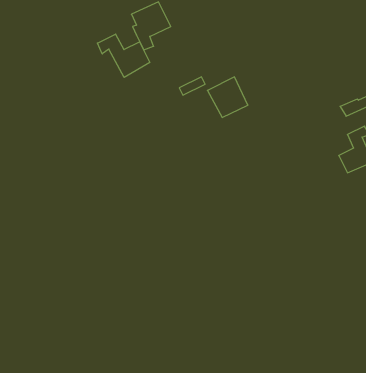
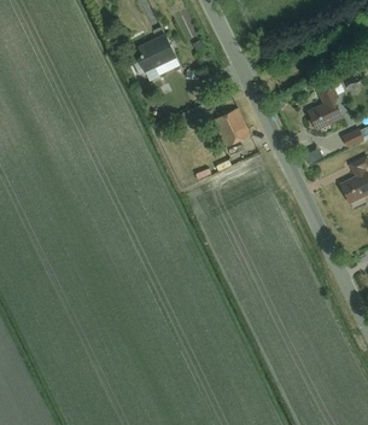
building: [97,34,150,77] -> none
building: none -> [306,81,341,130]

